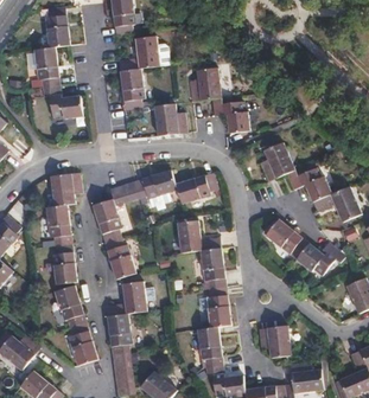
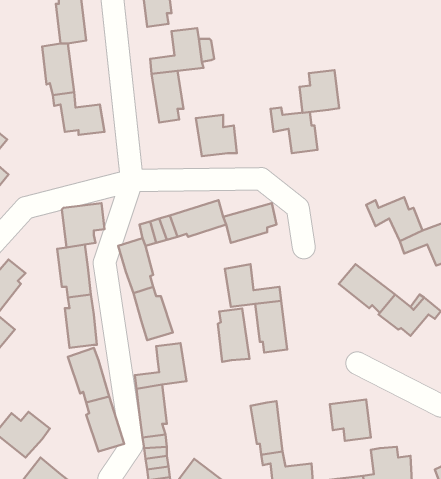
building: [190,68,221,101] -> [300,70,339,113]
building: [260,142,294,180] -> none
building: [206,285,231,327] -> [218,309,250,362]

